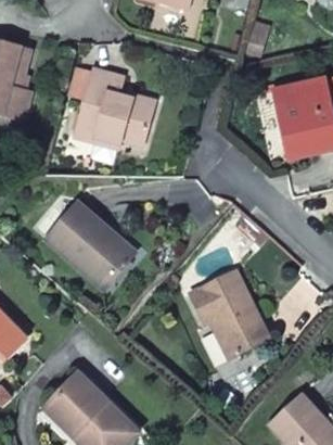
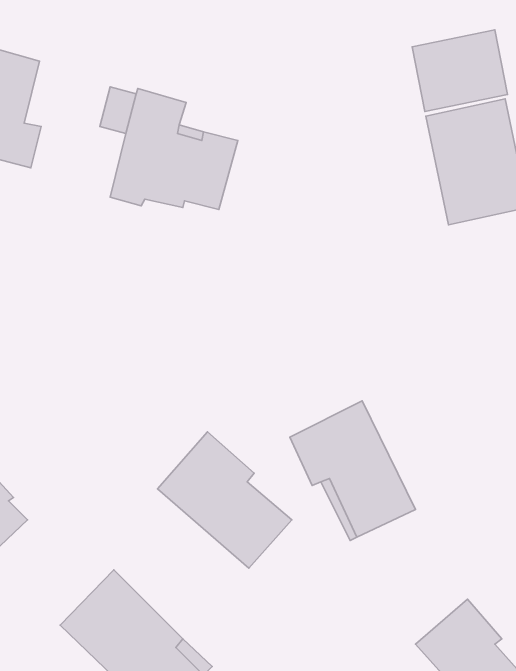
building: none -> [412,30,508,111]
building: [46,201,130,287] -> [157,432,292,568]

